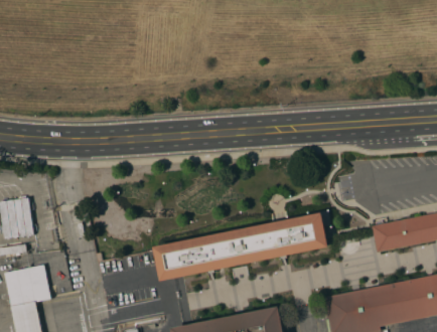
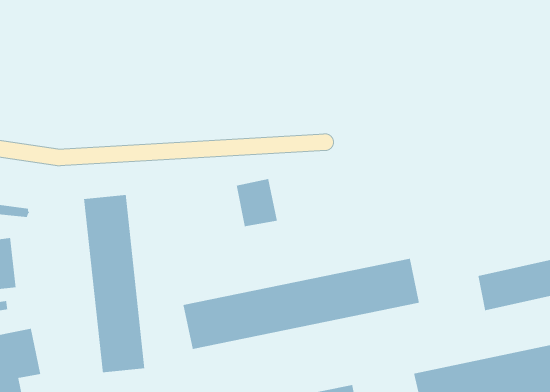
building: none -> [236,178,278,227]
building: none -> [83,194,145,373]

